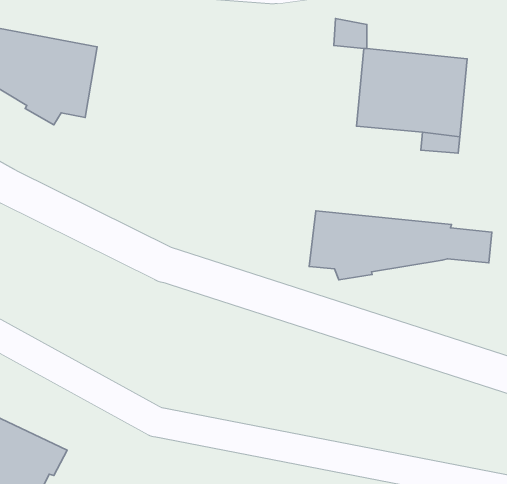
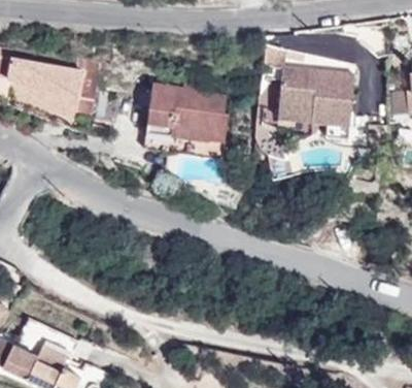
building: none -> [143,84,228,160]
building: [309,211,492,280] -> none

